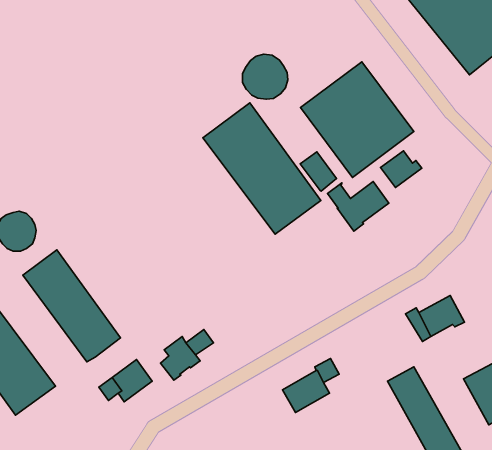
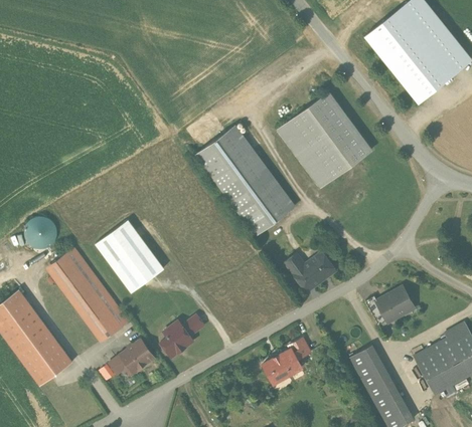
building: [242,54,288,99] -> none
building: [380,151,422,187] -> none
building: [300,152,337,191] -> none
building: [327,182,389,231] -> [284,252,335,293]
building: none -> [95,220,164,292]

